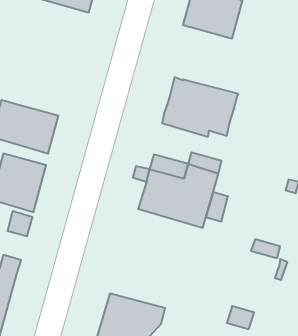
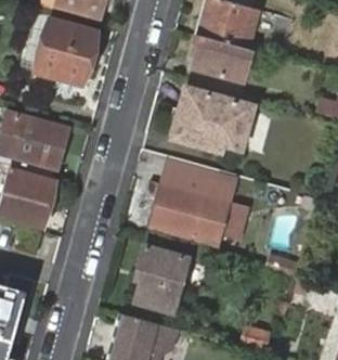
building: none -> [35,20,94,85]
building: none -> [190,35,252,81]
building: none -> [134,247,182,313]

